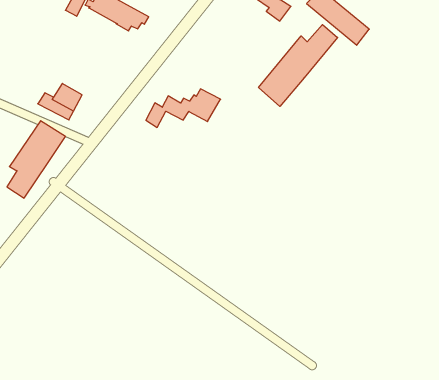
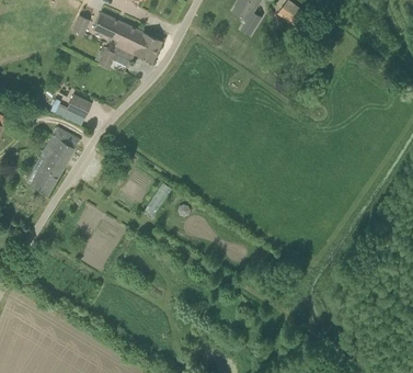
building: [259,25,338,106] -> none
building: [146,89,221,127] -> [97,33,160,68]

